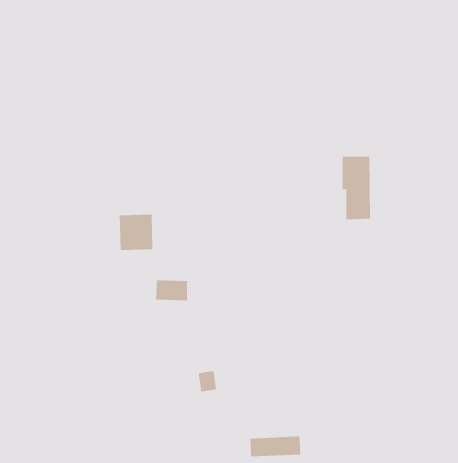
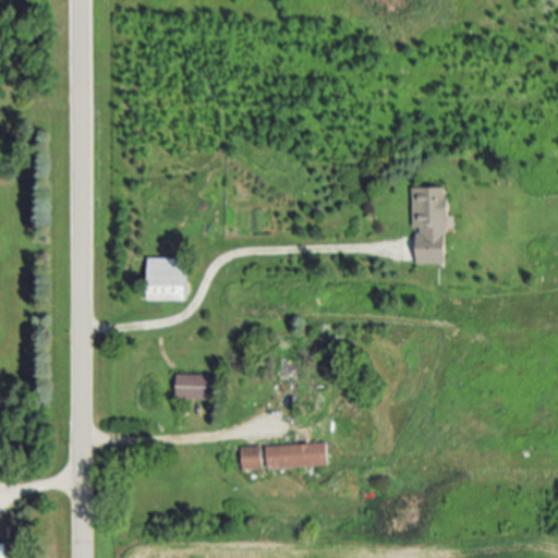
building: [155,280,188,301] -> [173,374,213,399]
building: [249,436,301,457] -> [264,442,326,468]

